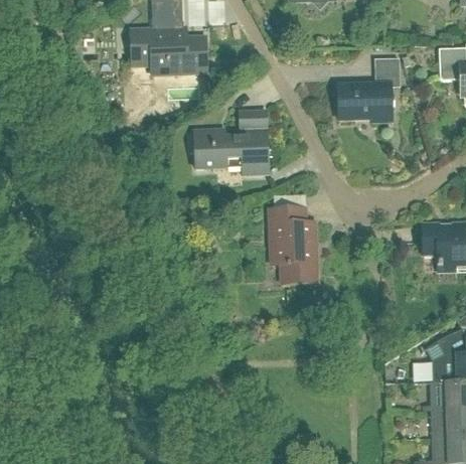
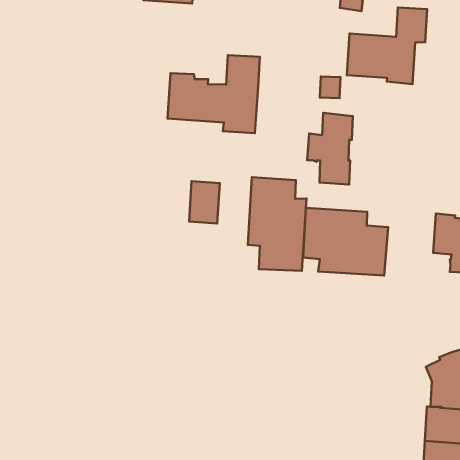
building: none -> [307,113,353,184]
building: none -> [189,181,220,224]
building: none -> [303,208,388,275]

